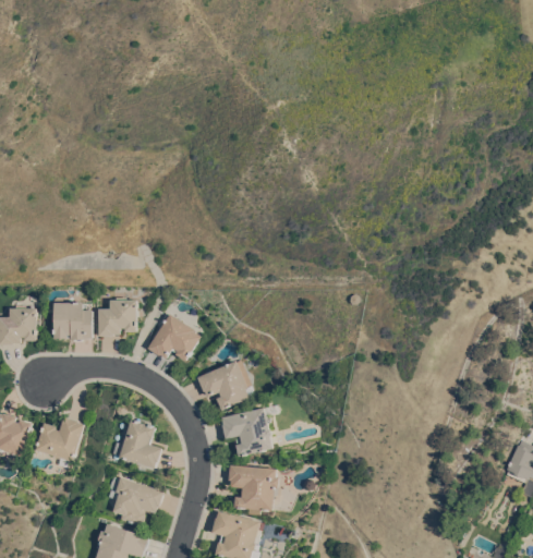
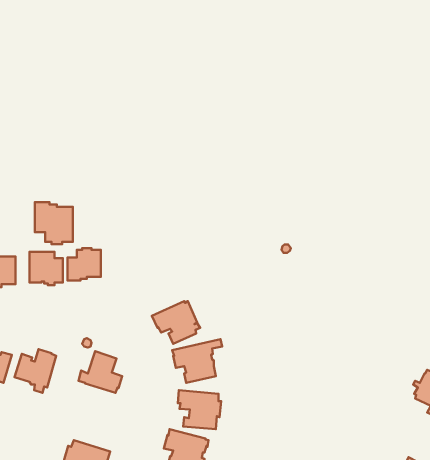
building: none -> [35,202,73,244]
building: [148,313,202,361] -> none
building: [107,476,163,526] -> none

